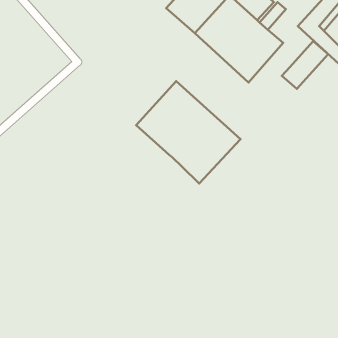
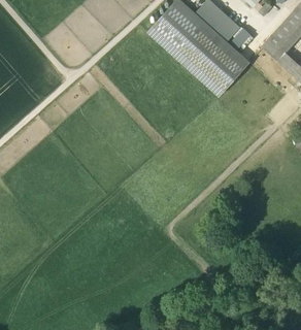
building: [282,41,328,89] -> none
building: [136,81,241,183] -> none

